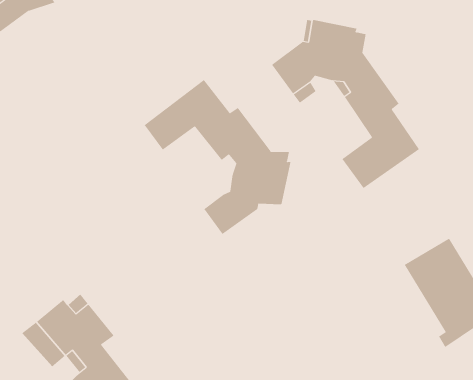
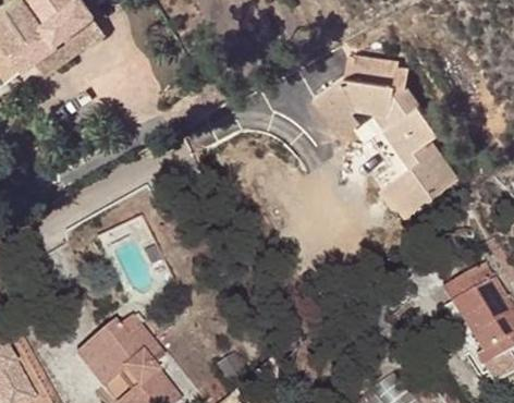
building: [144,79,291,235] -> none

